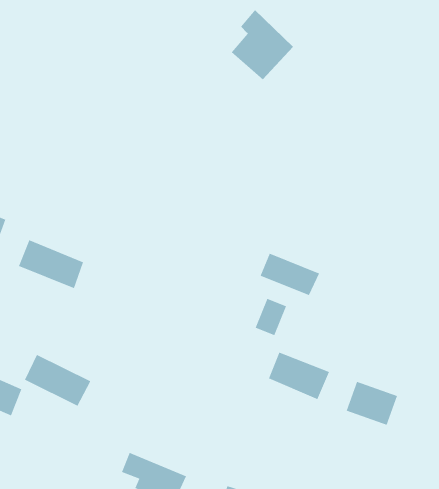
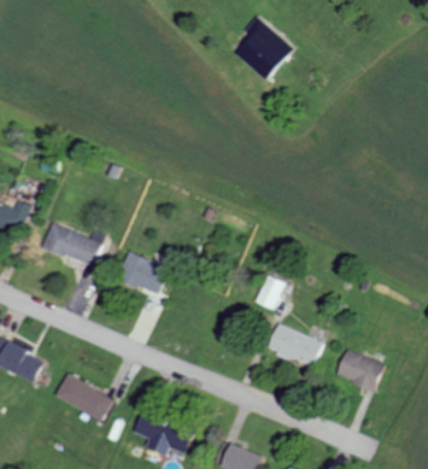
building: [260,253,320,296] -> none
building: none -> [118,251,169,294]
building: [24,354,91,406] -> [57,374,117,421]

